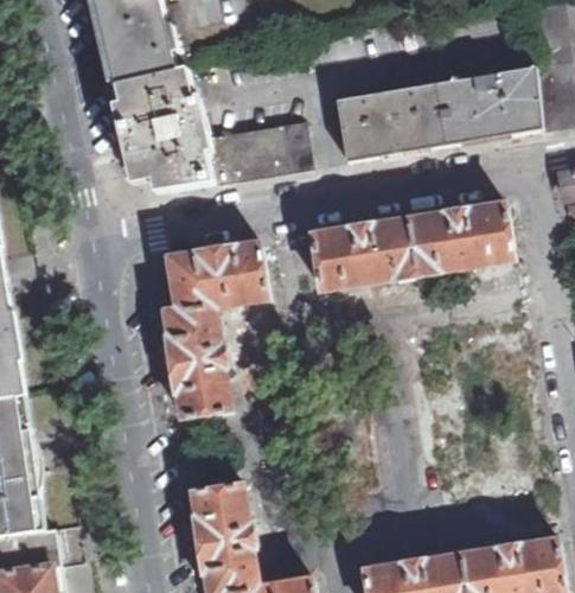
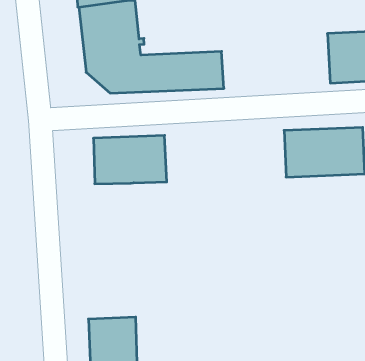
building: [341,87,449,165] -> none
building: [306,215,408,287] -> none
building: [155,304,229,410] -> none

